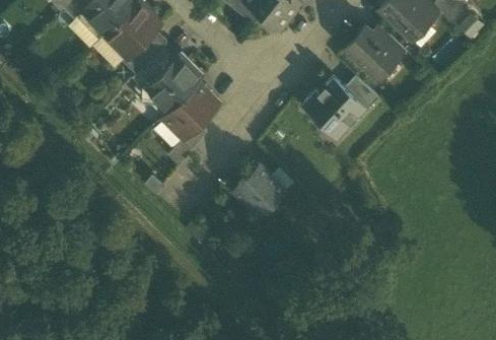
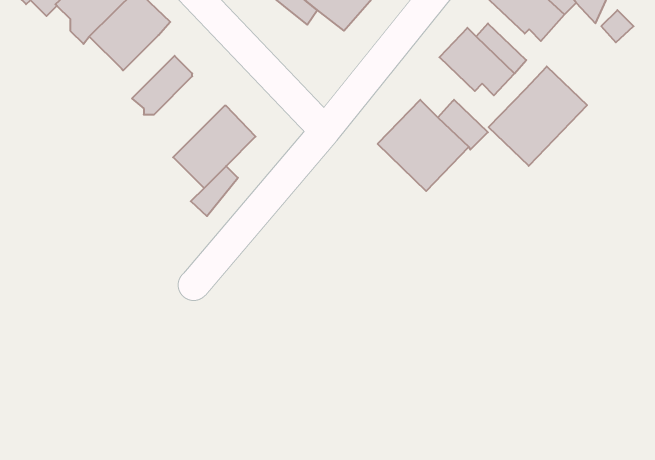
building: [123,31,165,73] -> none
building: none -> [489,66,587,166]
building: [149,59,204,113] -> none
building: [234,164,284,214] -> none

